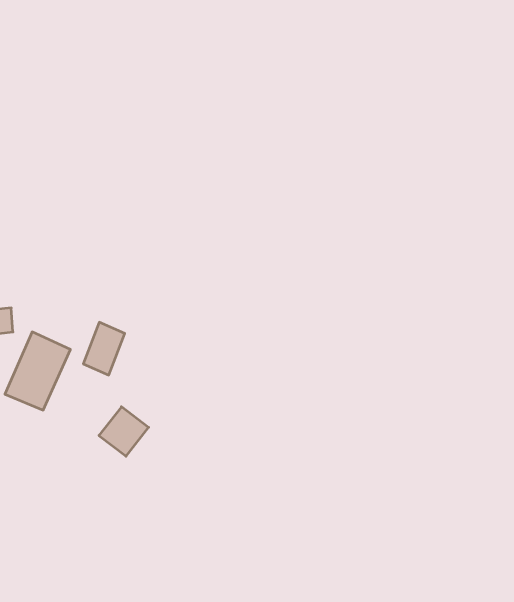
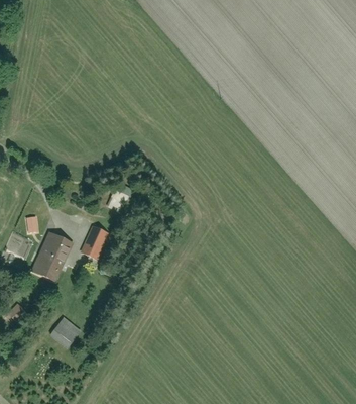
building: [99,407,149,456] -> [47,317,79,348]

